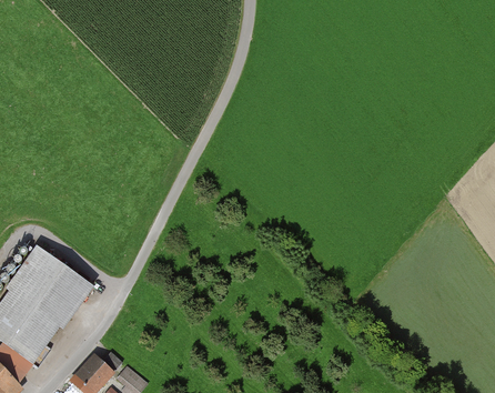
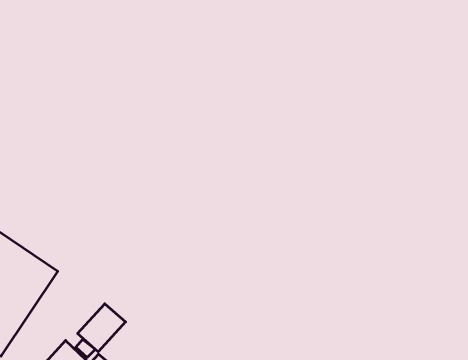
building: none -> [78,304,126,352]

